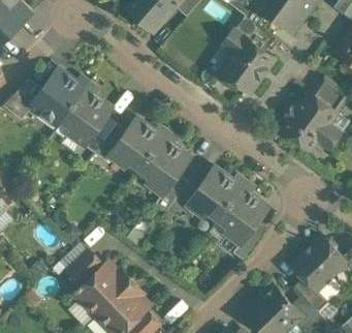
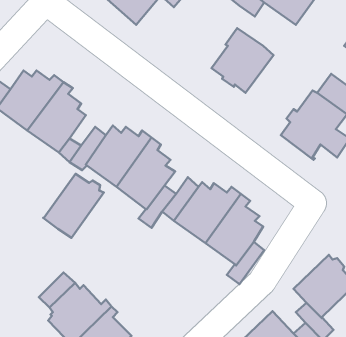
building: [234,17,275,52] -> none
building: none -> [43,174,104,238]

